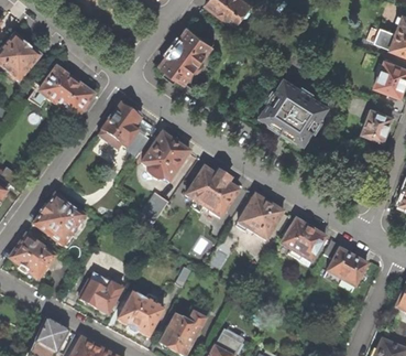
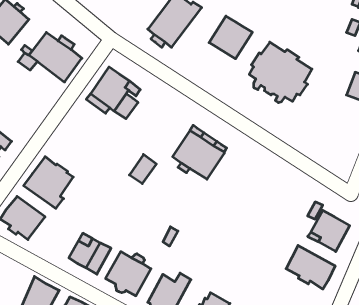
building: none -> [209,16,252,59]
building: [141,132,189,181] -> none
building: [235,194,283,239] -> none
building: [281,218,325,261] -> none
building: none -> [286,245,335,289]

